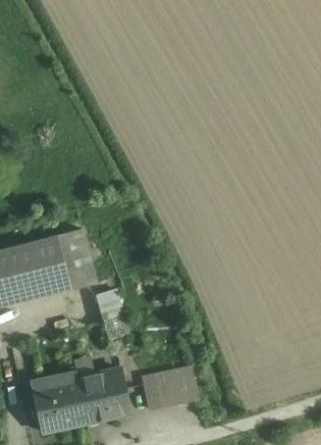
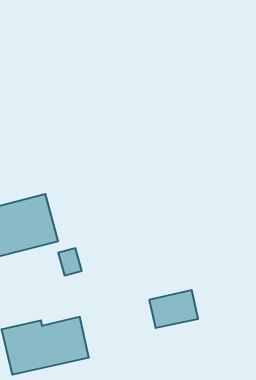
building: [142,367,197,410] -> [149,290,198,328]

